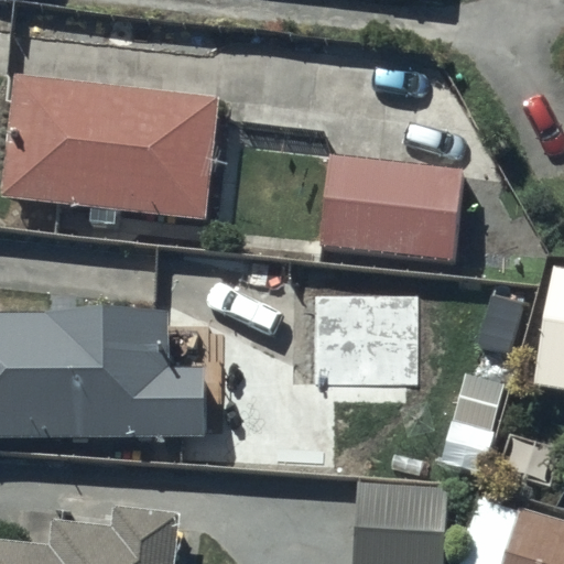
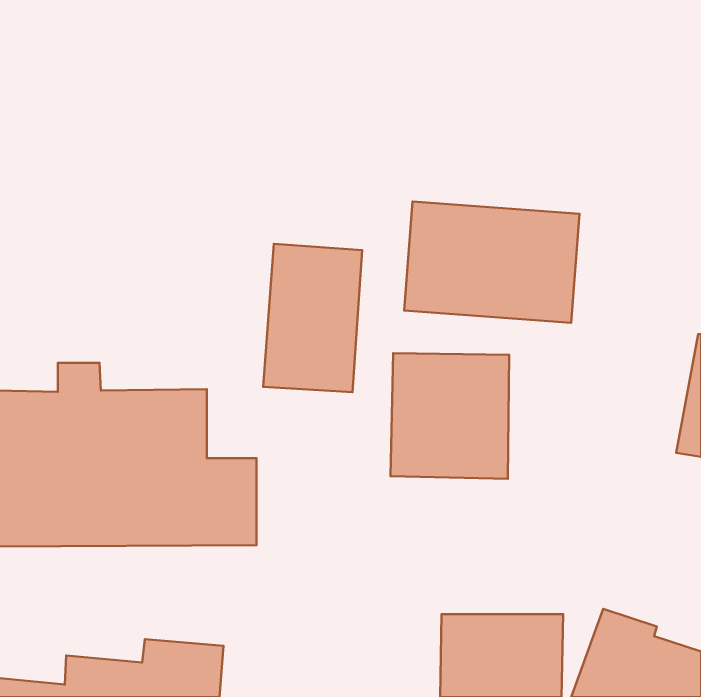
building: [6,79,217,226] -> none
building: none -> [263,244,362,392]

